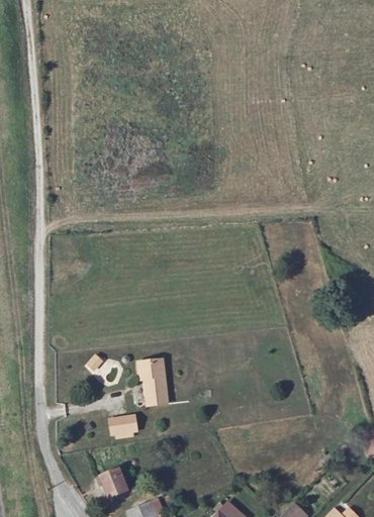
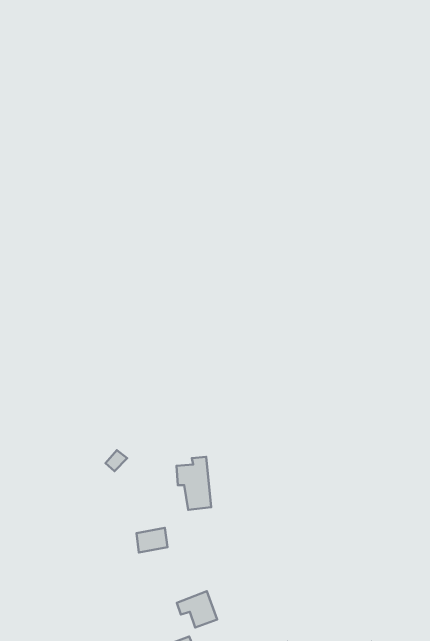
building: [95,469,126,497] -> [177,591,217,627]

